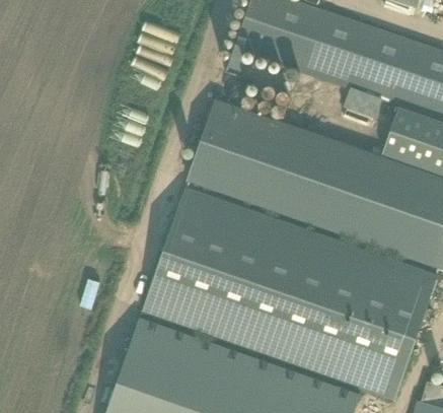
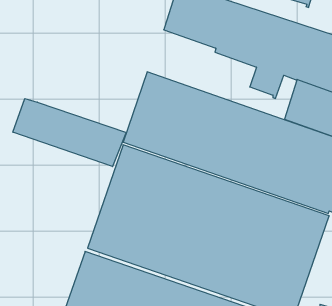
building: none -> [13,99,126,167]

